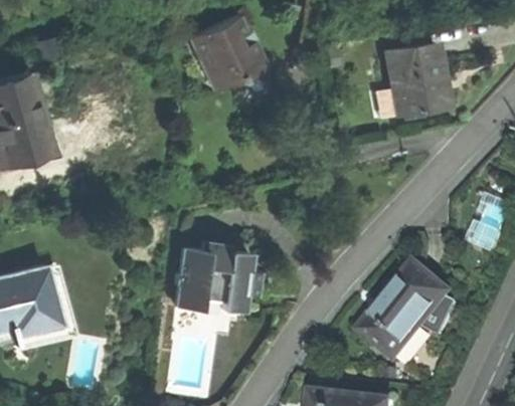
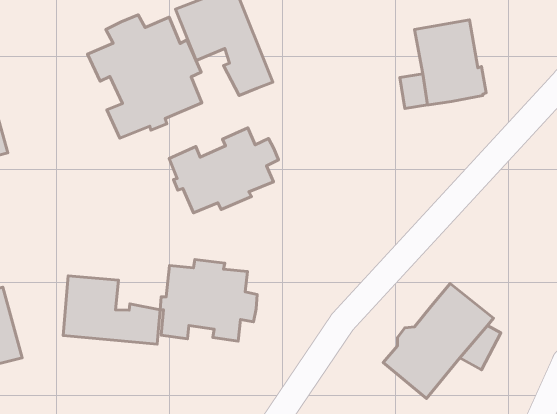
building: none -> [88,15,202,138]
building: none -> [169,128,278,213]
building: none -> [63,276,160,344]

